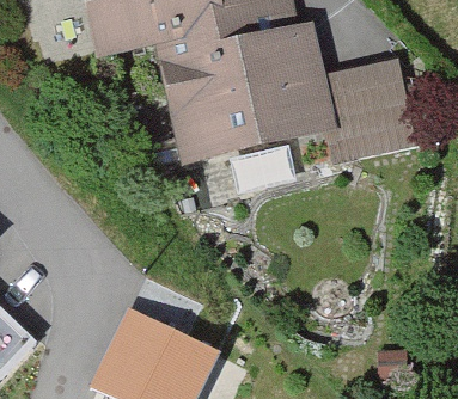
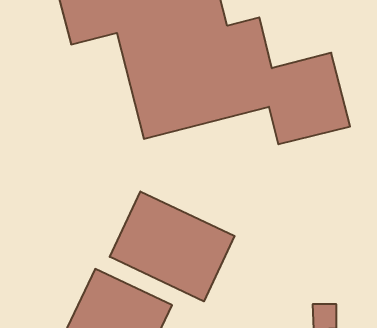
building: none -> [110,191,235,301]

